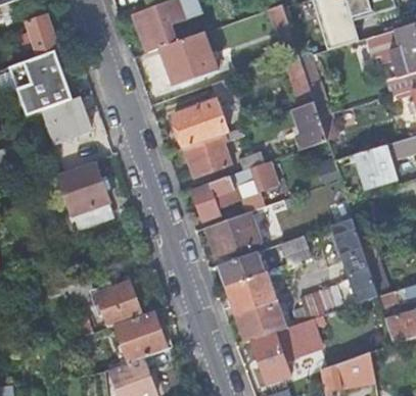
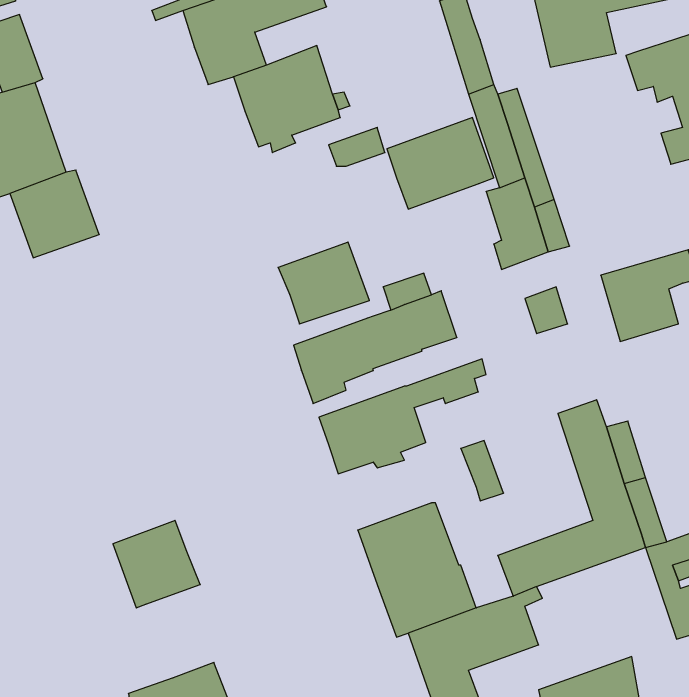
building: [172,101,228,149] -> [387,118,494,209]
building: [58,161,114,231] -> none
building: [217,252,264,287] -> none
building: [113,311,167,364] -> none

